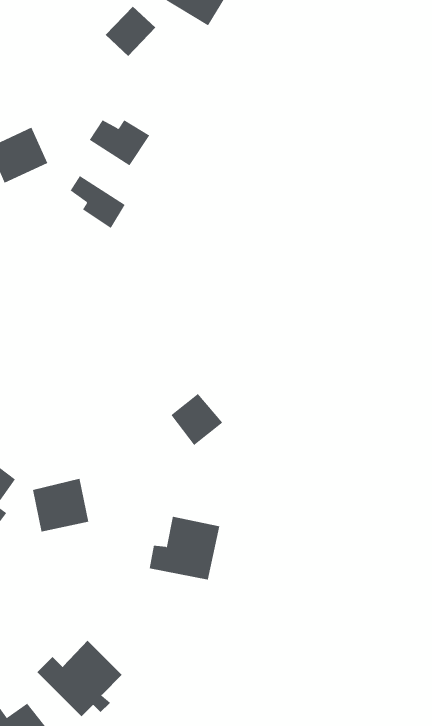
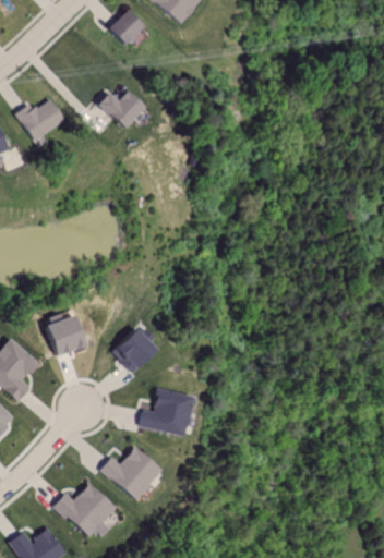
building: [70,175,126,229] -> none
building: [171,393,223,446] -> [112,328,152,367]
building: [32,478,89,532] -> [44,314,86,354]
building: none -> [100,449,161,499]

